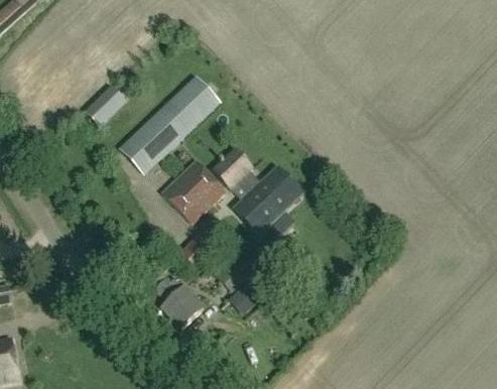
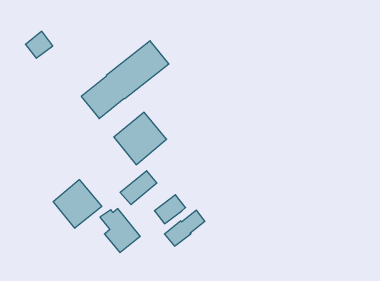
building: [84,93,116,125] -> [25,31,53,58]
building: [212,148,300,233] -> none
building: none -> [53,180,102,228]

